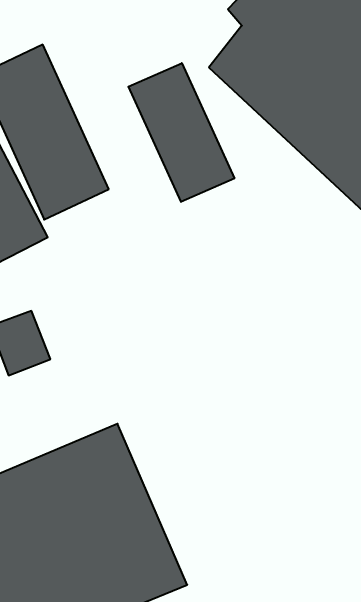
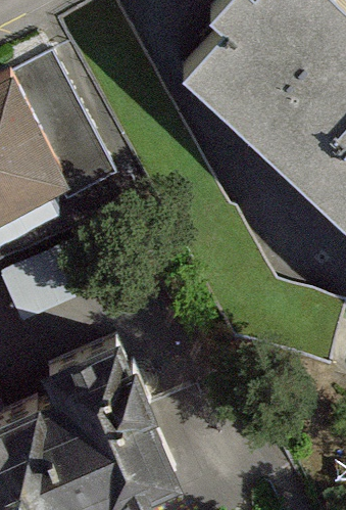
building: [128,63,234,202] -> none

